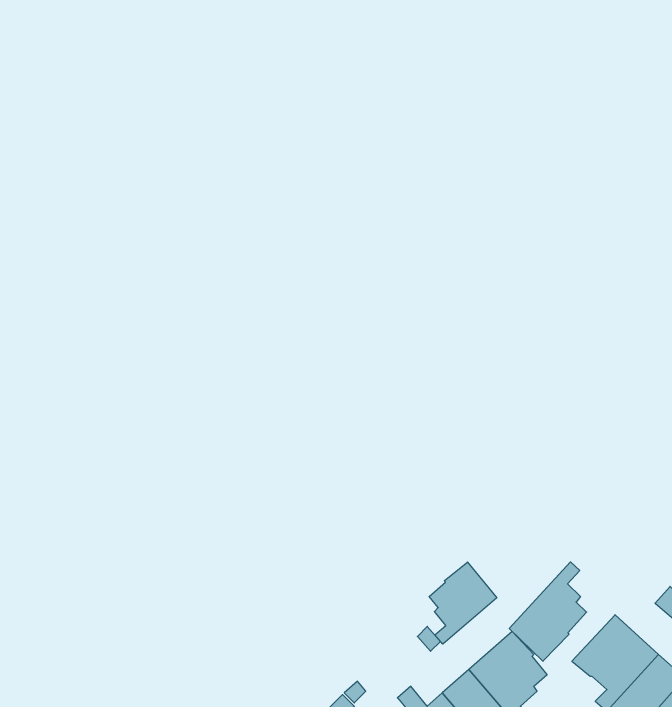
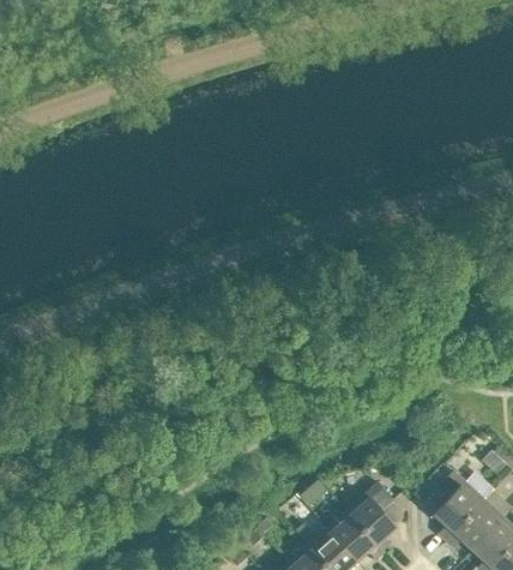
building: [509,562,587,661] -> none
building: [429,562,497,644] -> none

